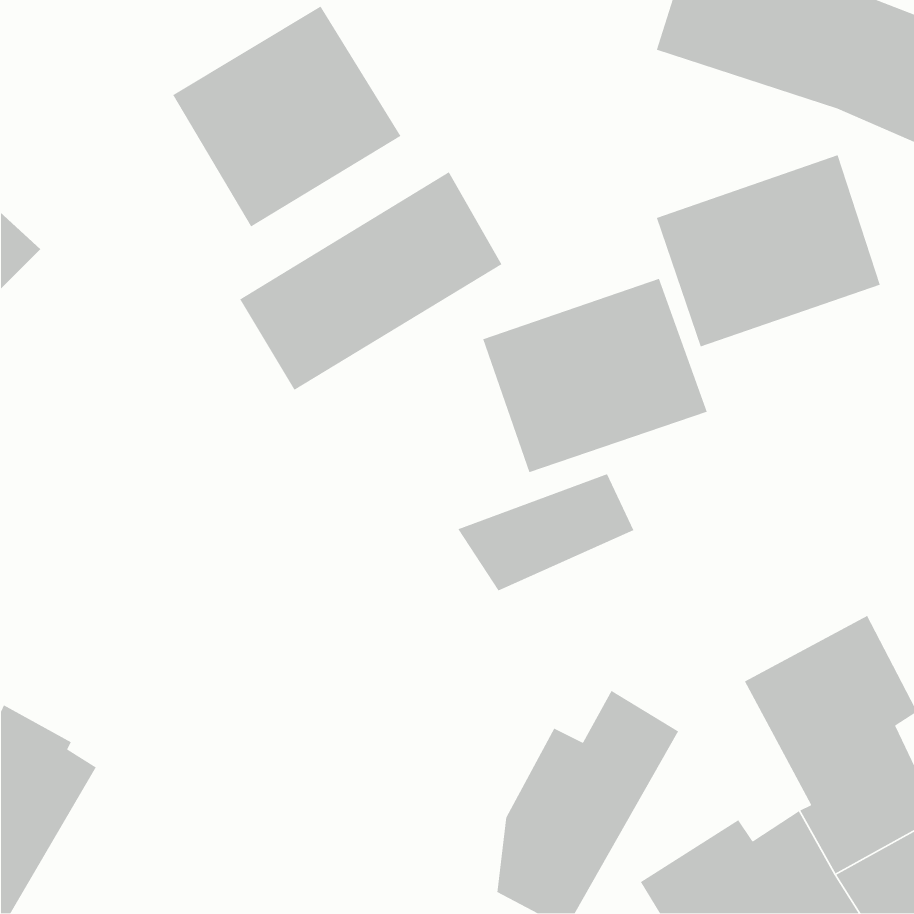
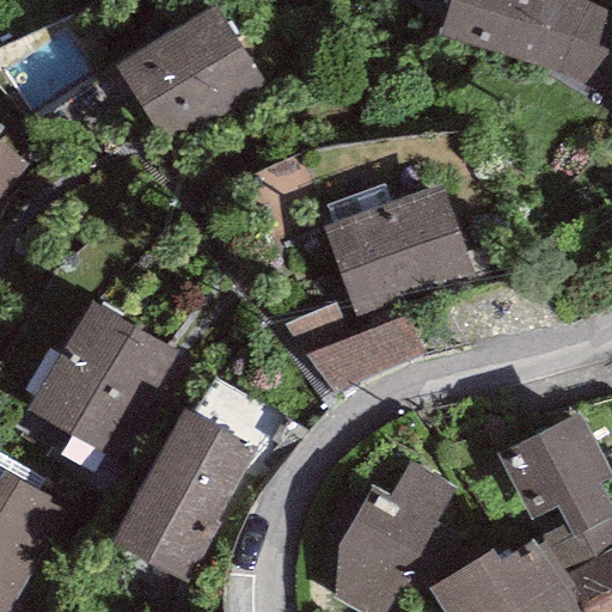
building: [656,154,881,347] -> none
building: [239,171,503,391] -> none
building: none -> [29,301,184,451]
building: none -> [112,409,258,586]

